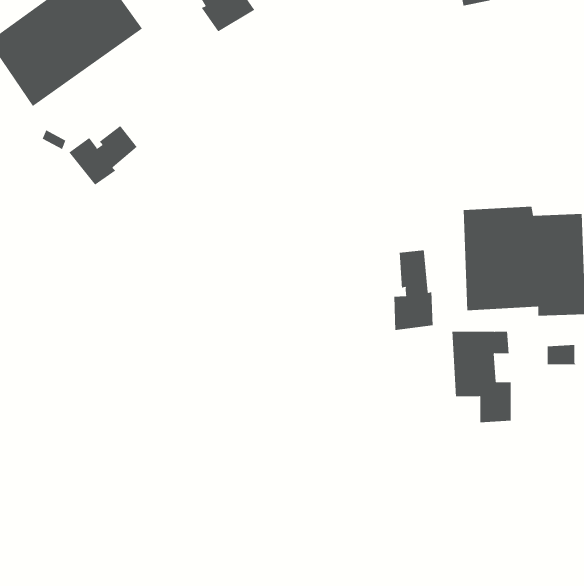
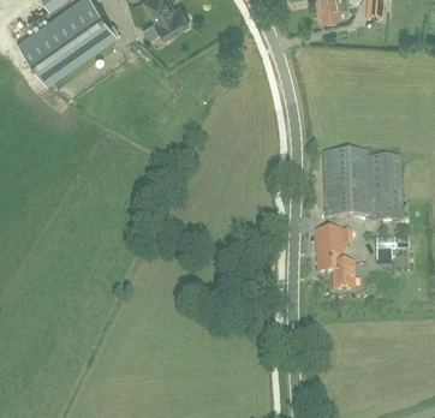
building: [68,125,138,186] -> none
building: [394,250,433,331] -> none

